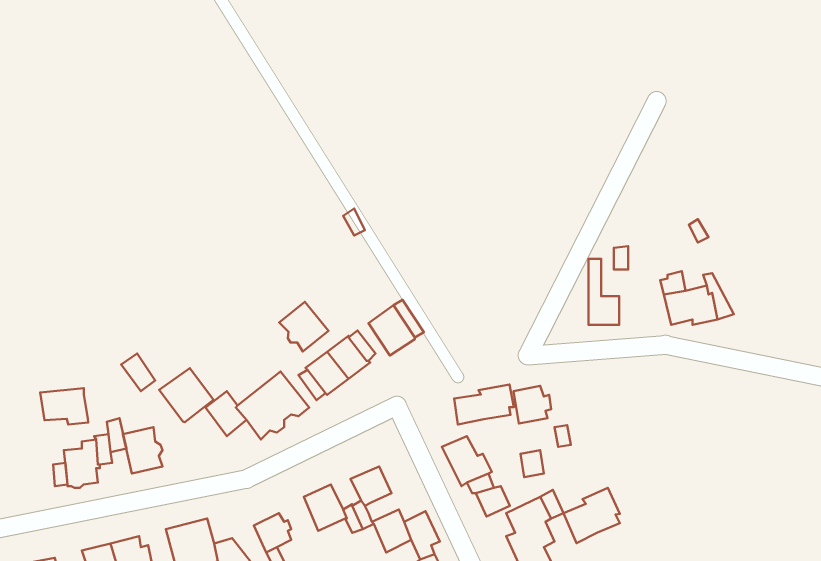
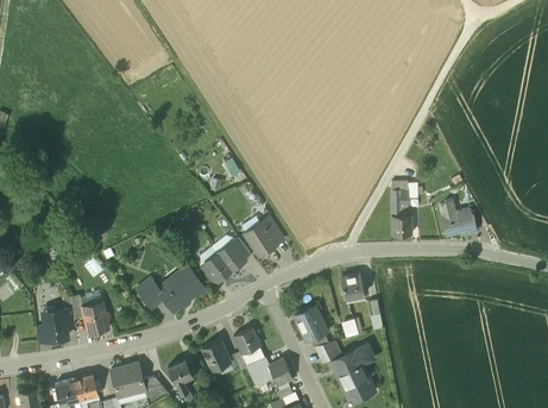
building: [279,302,328,351] -> none
building: [159,368,214,422] -> none
building: [454,385,514,425] -> none
building: [40,388,88,424] -> none
building: [564,488,620,543] -> none

